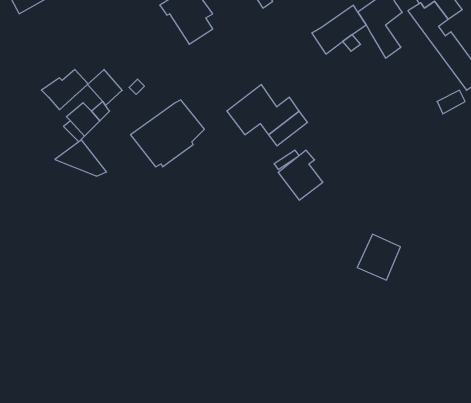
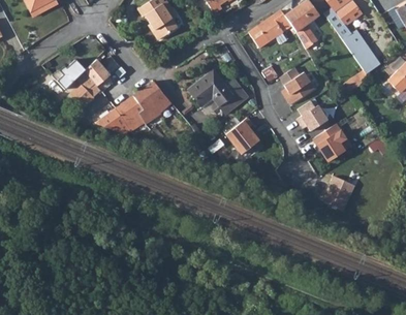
building: none -> [280,67,315,104]
building: none -> [298,100,329,131]
building: [55,140,107,176] -> [97,106,135,133]
building: none -> [314,124,346,161]
building: [357,234,400,280] -> [323,176,355,210]

